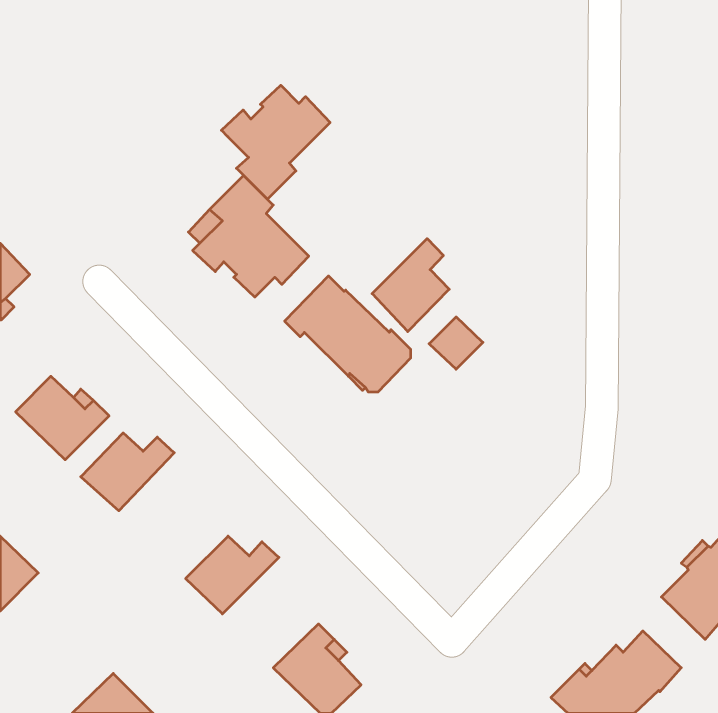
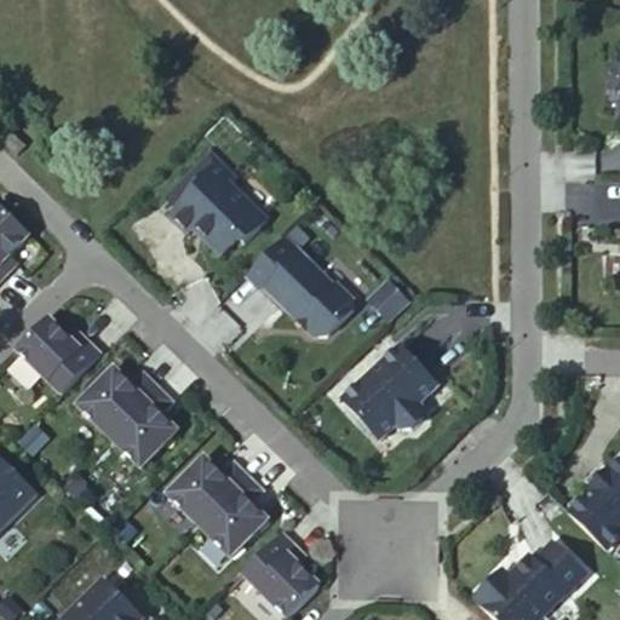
building: [221,85,330,199] -> none
building: [372,239,449,332] -> none
building: none -> [344,346,438,440]
building: none -> [107,388,173,467]
building: none -> [195,477,262,557]

